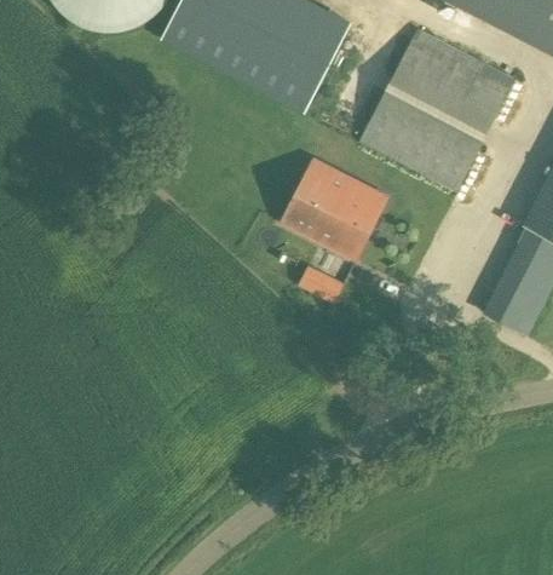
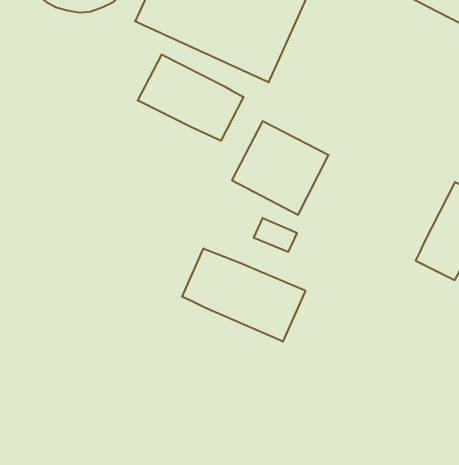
building: [356,27,514,191] -> none
building: none -> [138,54,244,141]
building: none -> [182,248,305,342]

